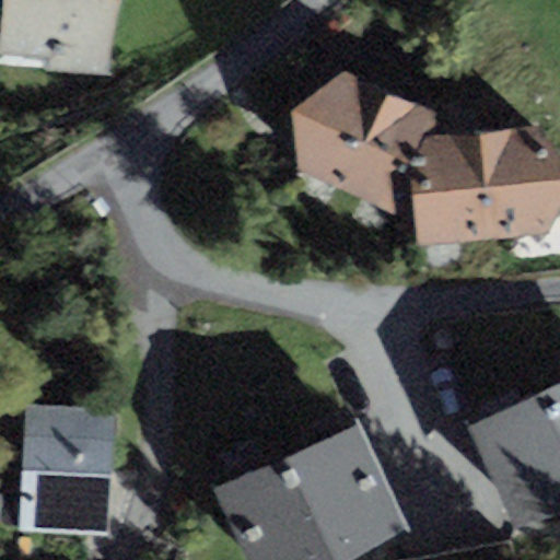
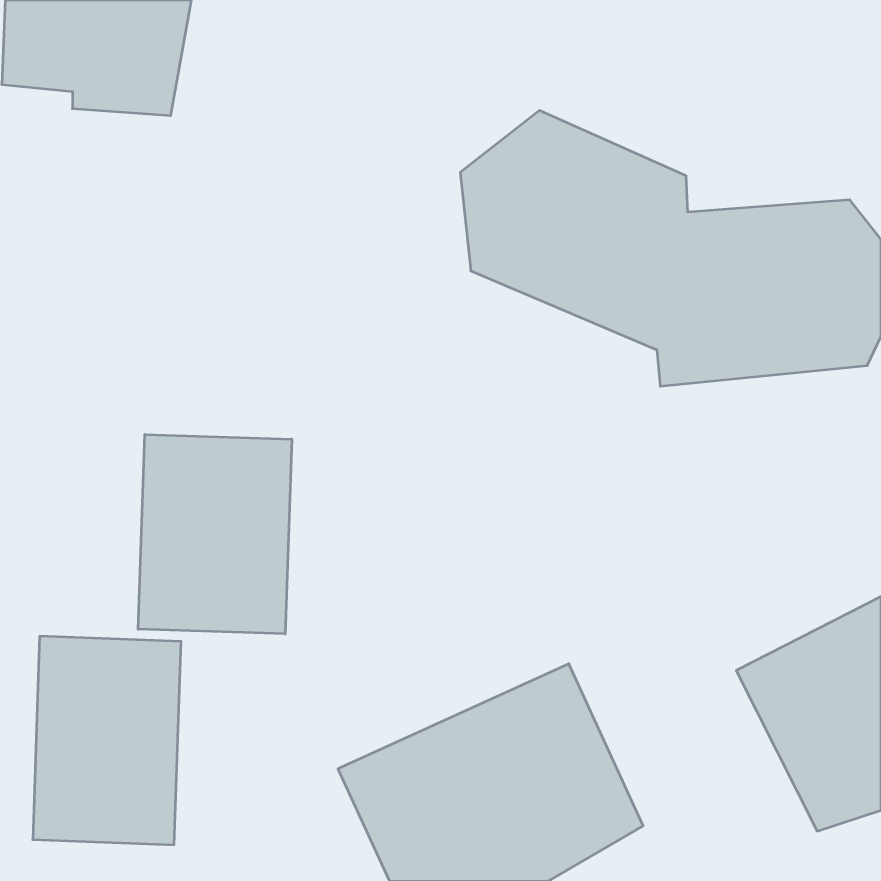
building: none -> [138,434,292,634]

